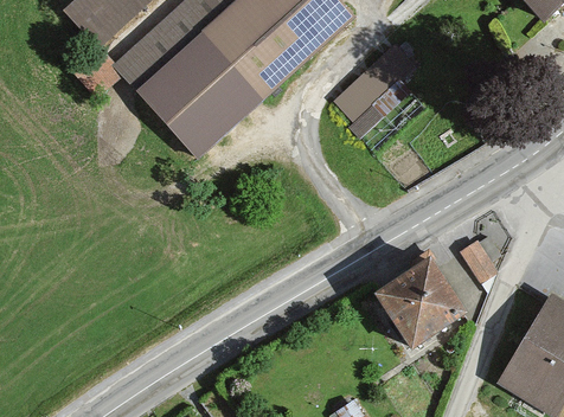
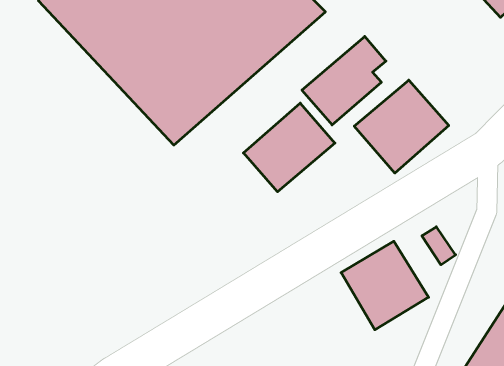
building: none -> [354,80,449,173]
building: none -> [243,103,335,192]

